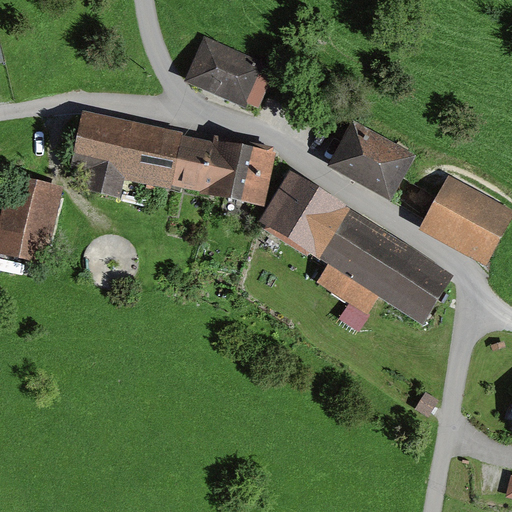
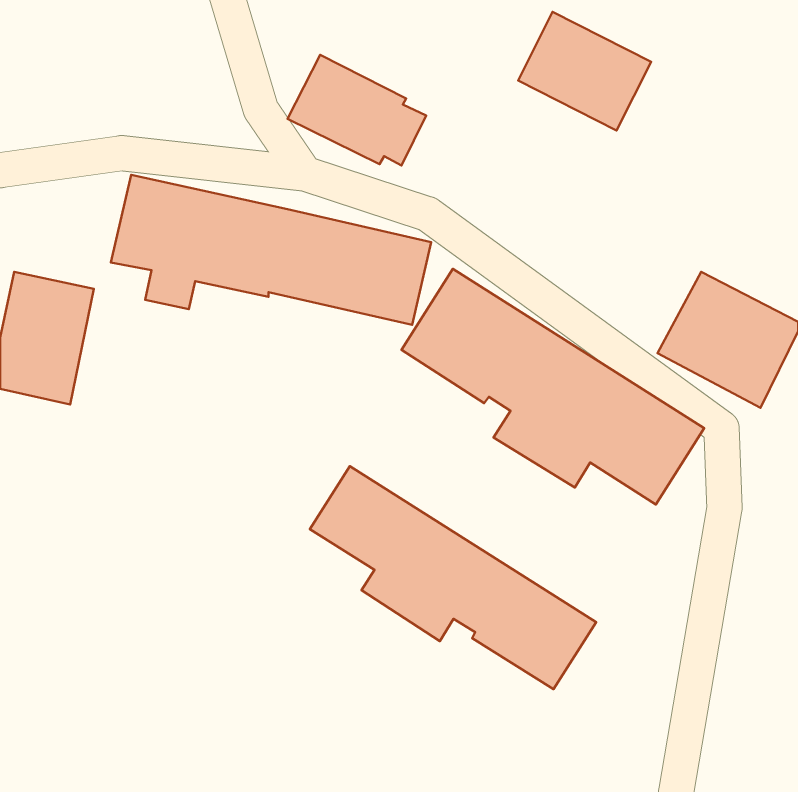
building: [328,120,413,196] -> [518,12,651,131]
building: none -> [310,466,596,689]

